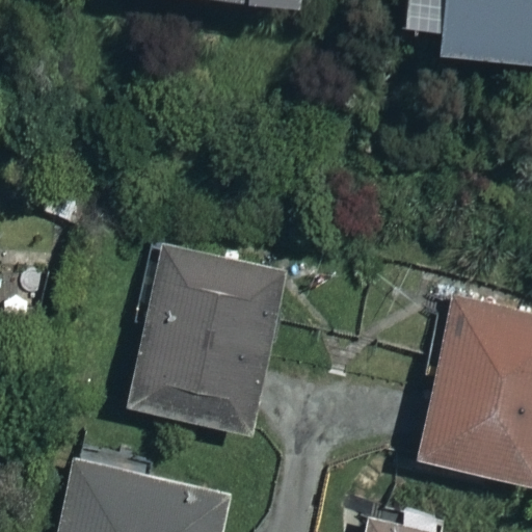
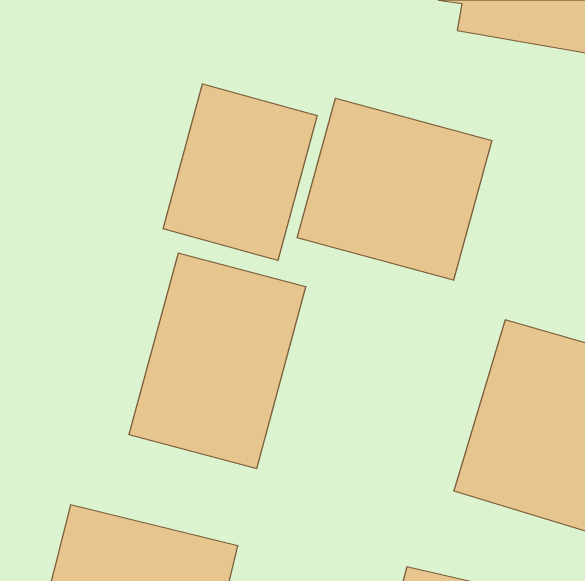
building: none -> [163,84,317,261]
building: none -> [297,98,492,280]

